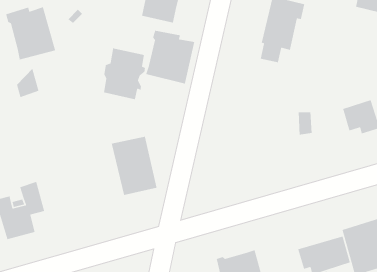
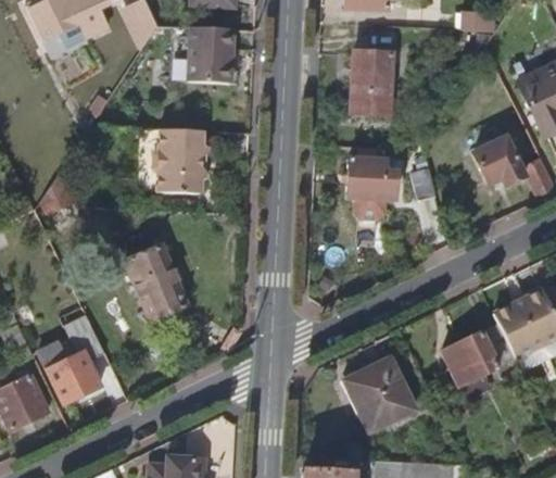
building: [5,6,56,60] -> none
building: [145,30,195,85] -> none
building: none -> [346,155,391,221]
building: [111,136,158,196] -> [123,246,193,328]

